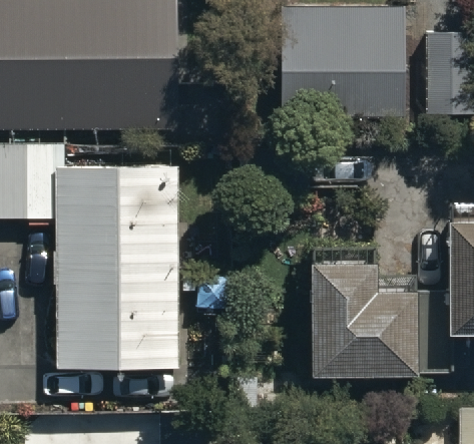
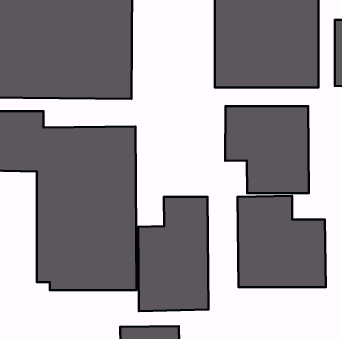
building: none -> [225,106,309,193]
building: none -> [138,197,208,311]

